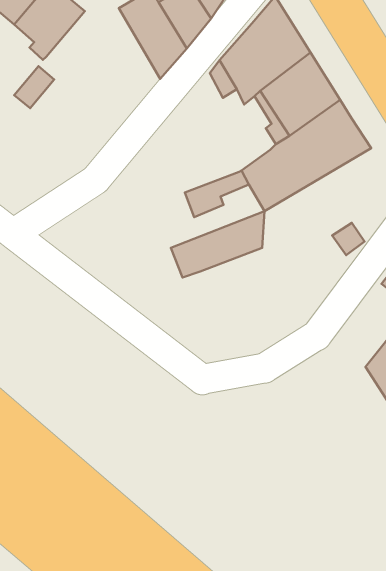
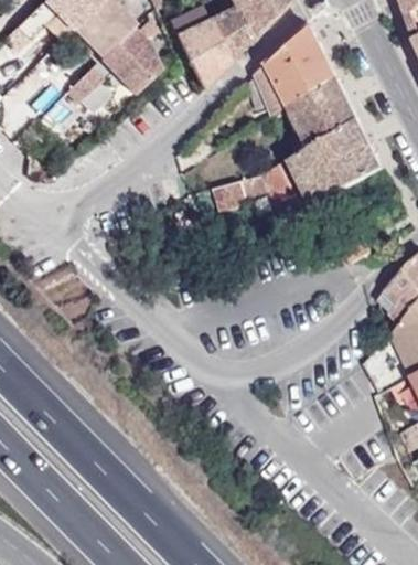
building: none -> [99,20,163,93]
building: [171,211,264,277] -> none

